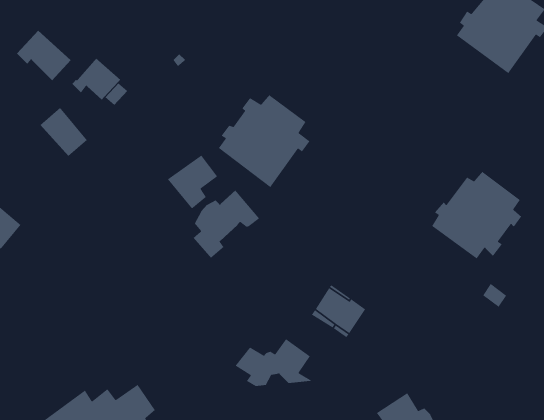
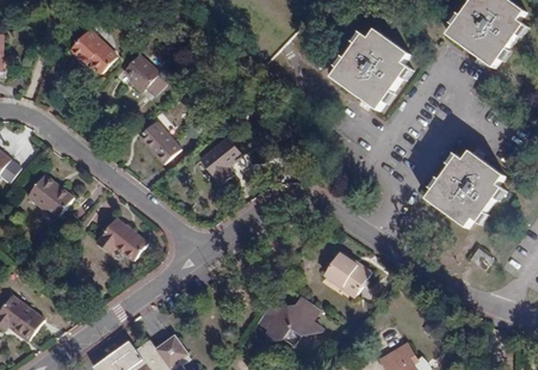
building: [218,94,311,188] -> [333,30,413,111]
building: [39,107,88,157] -> [138,121,180,164]
building: [193,190,260,259] -> none
building: none -> [97,217,148,260]

